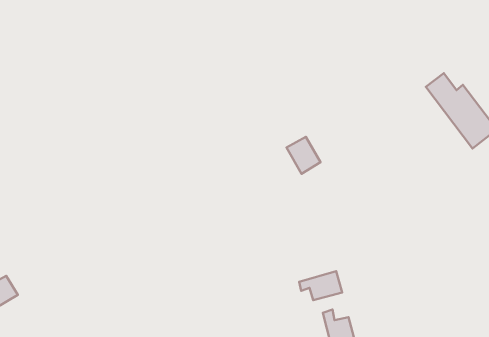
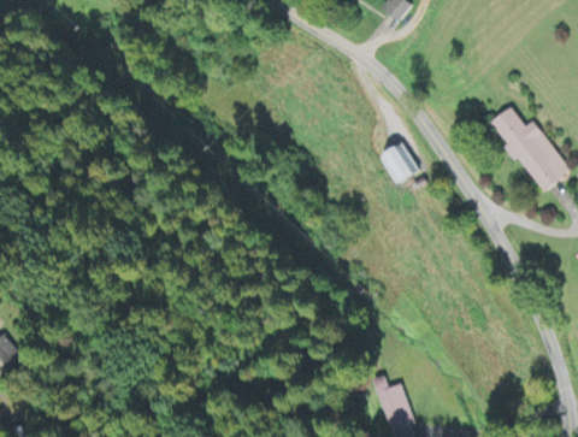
building: [287,137,321,174] -> [382,143,420,185]
building: [299,271,342,300] -> none

